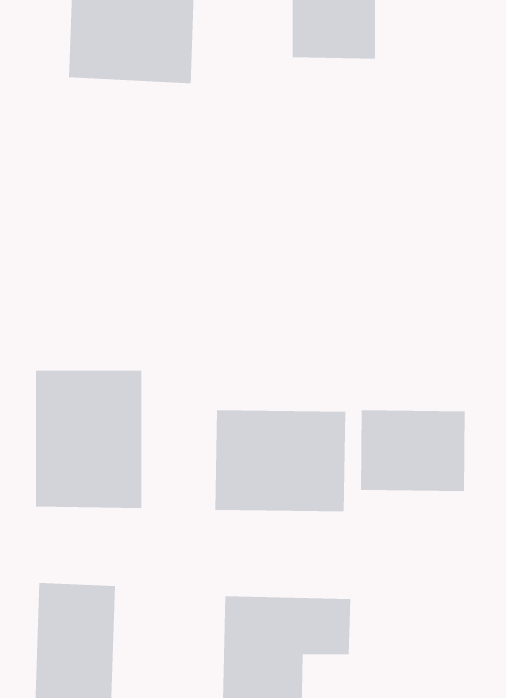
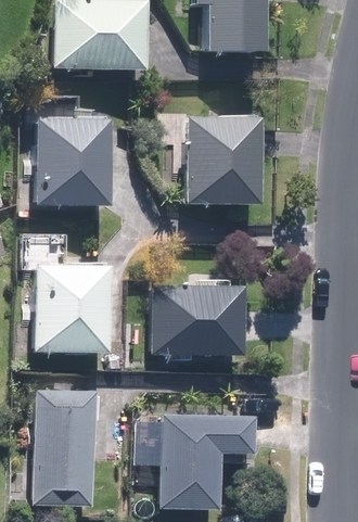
building: none -> [40,115,106,205]
building: none -> [189,126,257,202]
building: [361,409,465,492] -> none

